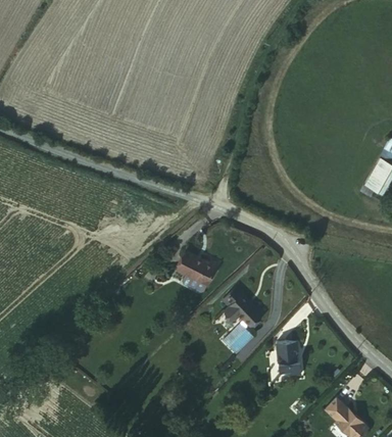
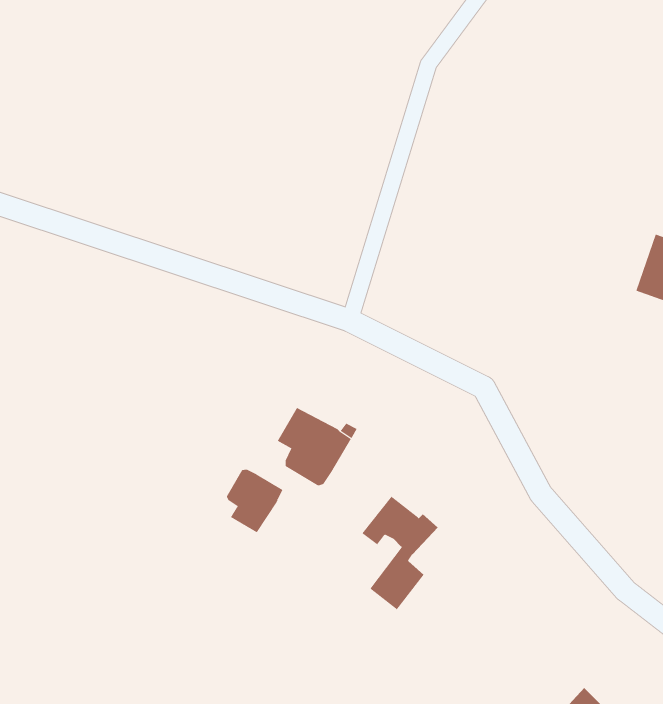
building: none -> [226,469,283,533]
building: [277,338,301,373] -> none

